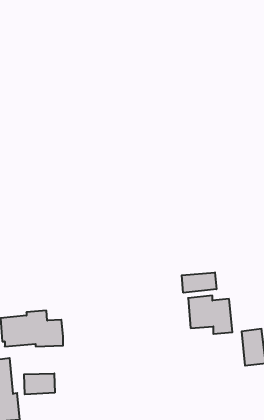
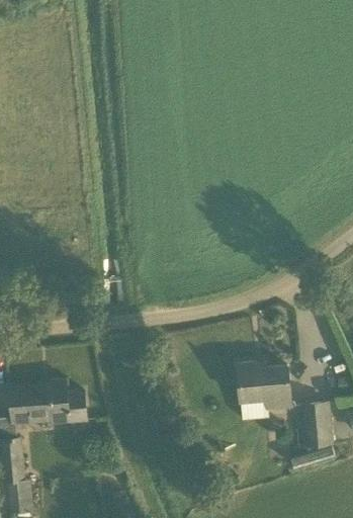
building: [182,272,216,293] -> none
building: [24,373,55,394] -> none

